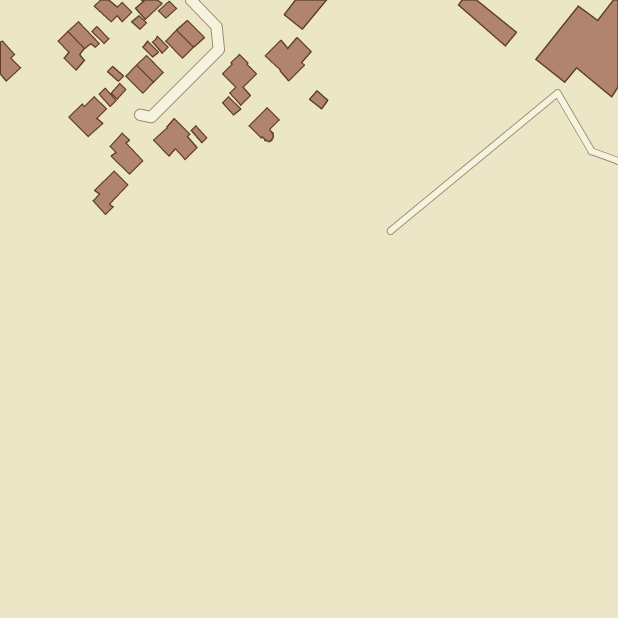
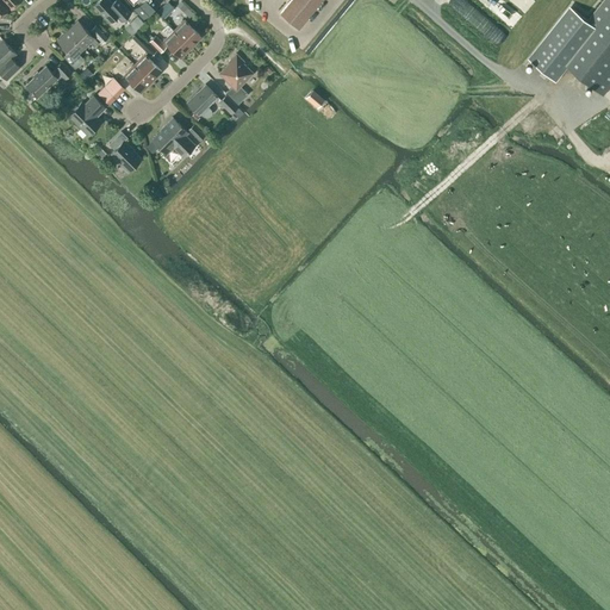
building: [265,38,311,81] -> none
building: none -> [25,62,71,98]
building: [249,108,279,142] -> [187,85,217,118]
building: [93,171,128,214] -> none

